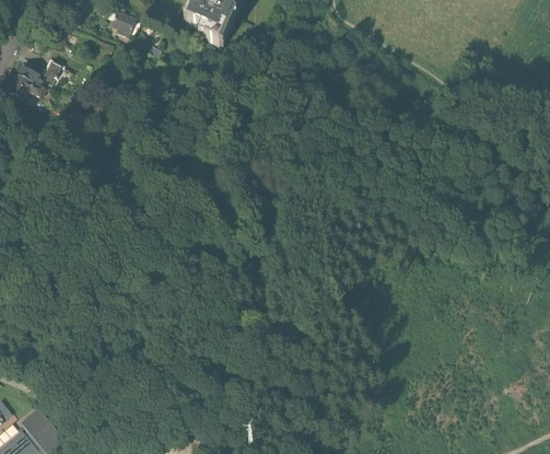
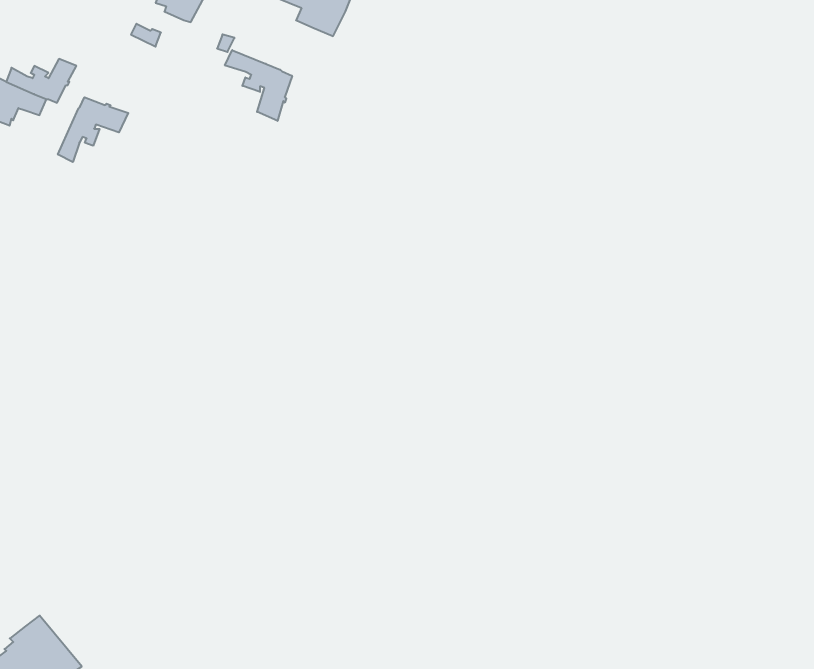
building: none -> [225,50,292,121]
building: none -> [58,97,128,162]

